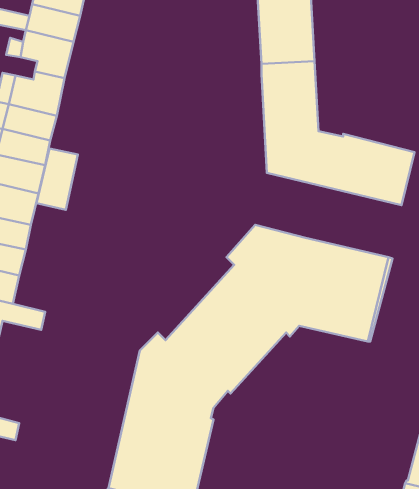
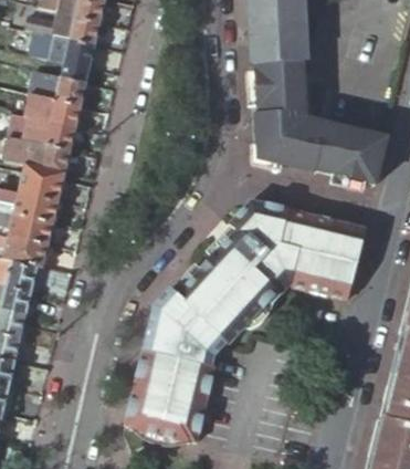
building: [36,149,78,210] -> none

